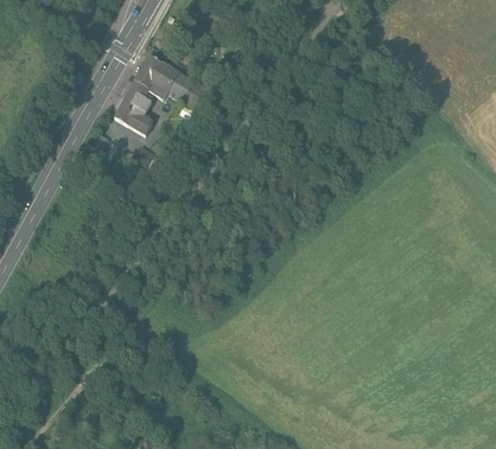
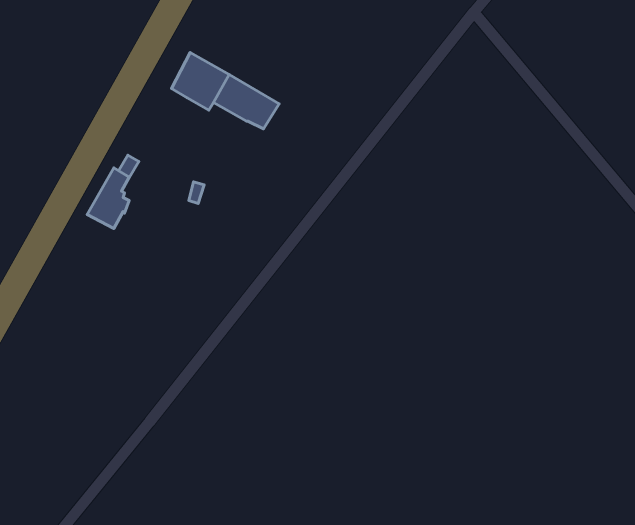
building: [115,81,147,127] -> [87,168,129,229]

